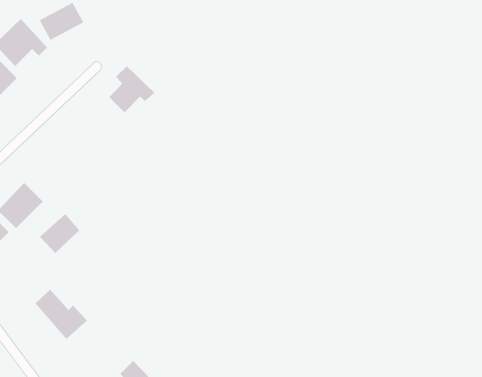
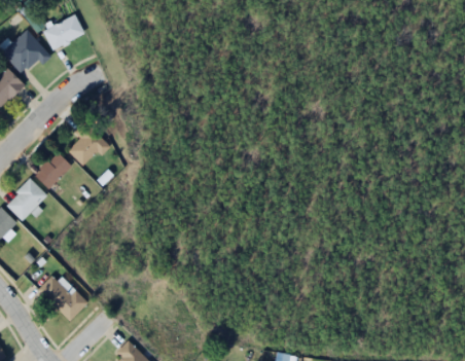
building: [109,66,155,113] -> [69,121,111,165]
building: [39,213,80,254] -> [34,151,71,188]

